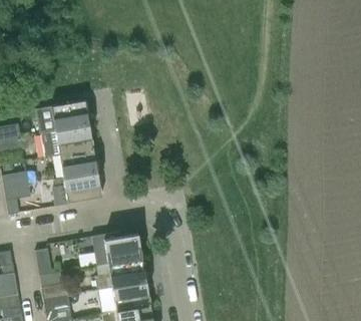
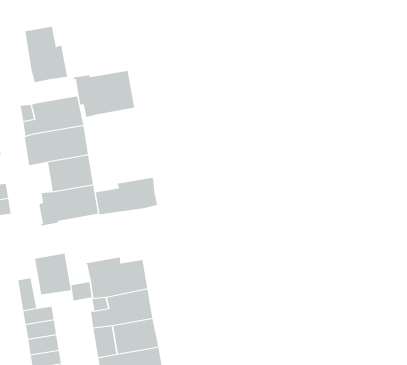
building: none -> [25,26,68,84]
building: none -> [73,70,135,118]
building: none -> [95,177,159,215]
building: none -> [35,253,71,295]

